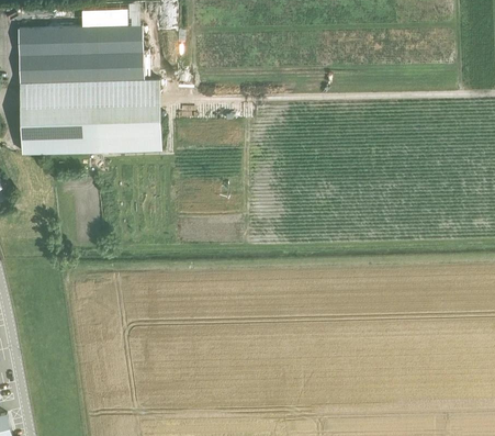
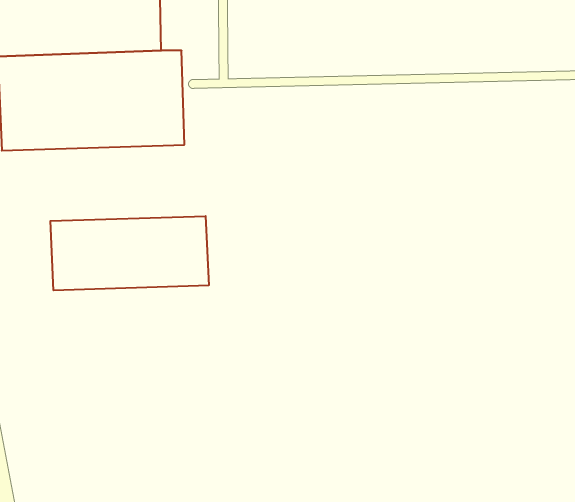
building: none -> [50,216,209,290]

